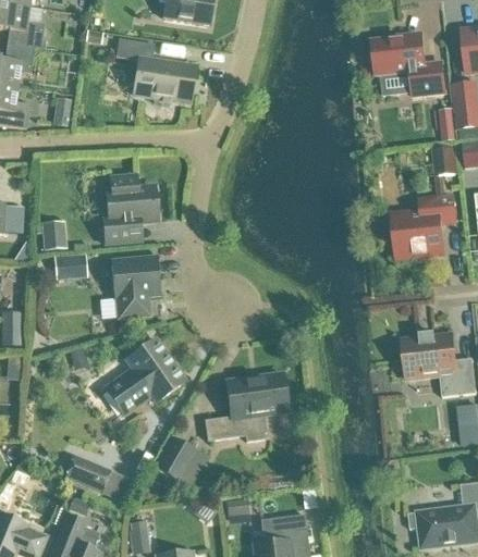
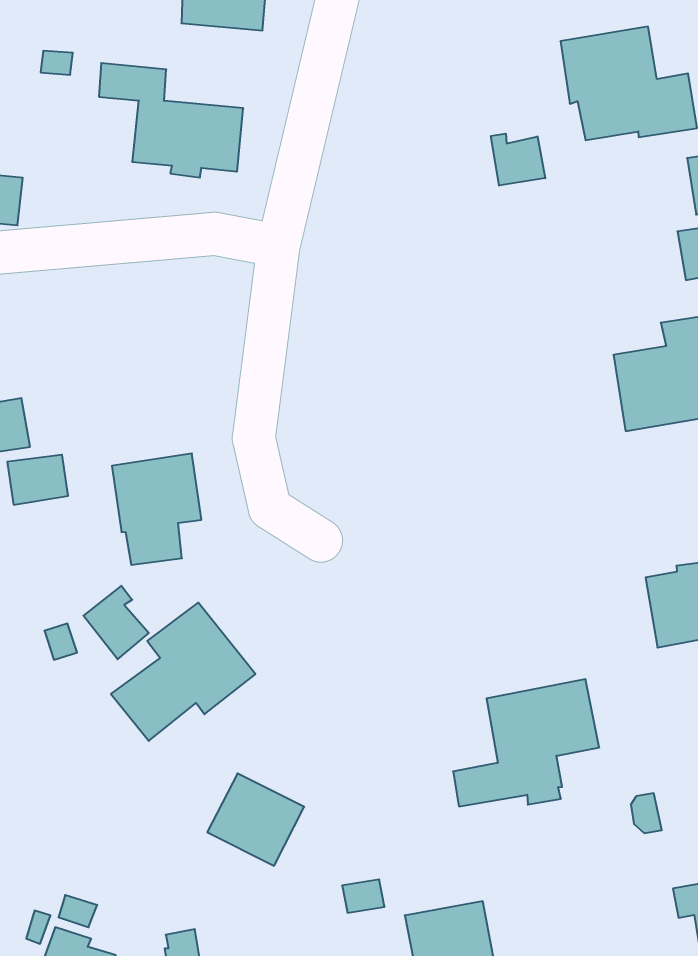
building: none -> [491,134,545,186]
building: [101,175,157,244] -> none
building: none -> [83,586,149,659]
building: [205,373,286,441] -> [453,679,599,806]
building: [63,455,110,493] -> none

